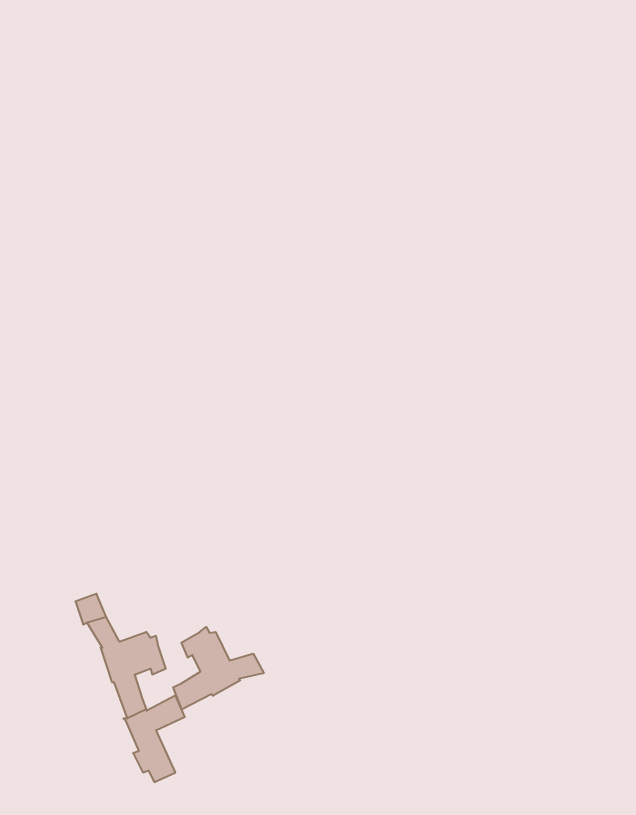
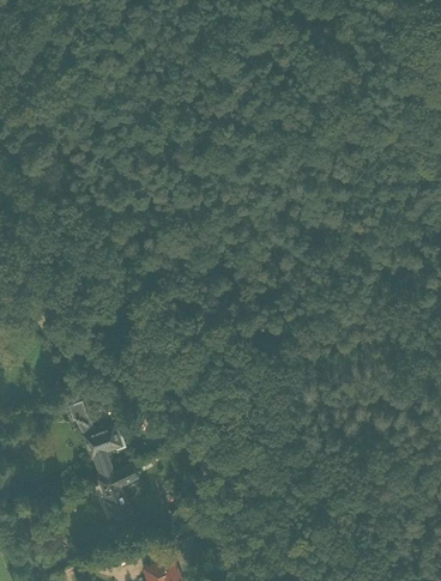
building: [173,627,264,710] -> none

